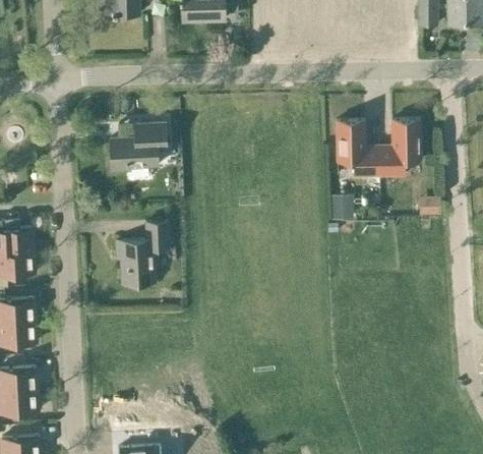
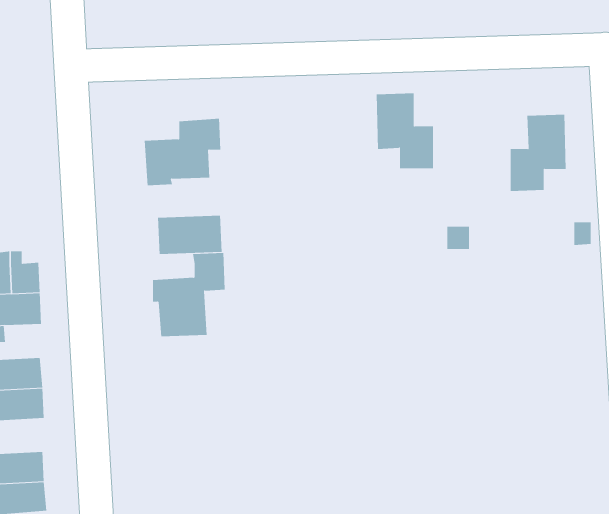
building: [336,120,378,176] -> [376,93,434,169]
building: none -> [158,215,222,255]

